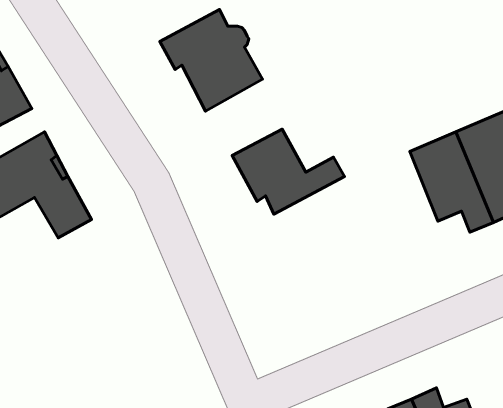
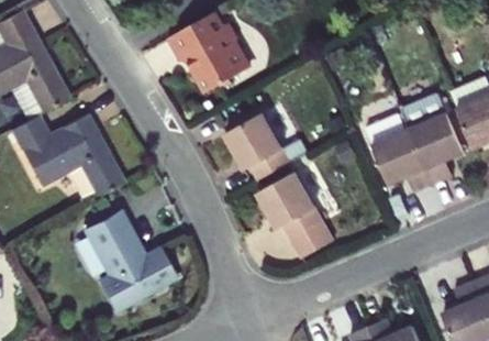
building: none -> [260,171,335,256]
building: none -> [81,208,175,309]

